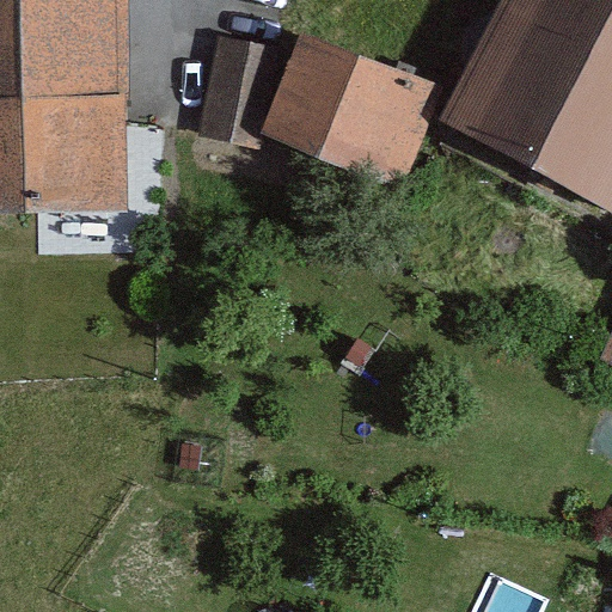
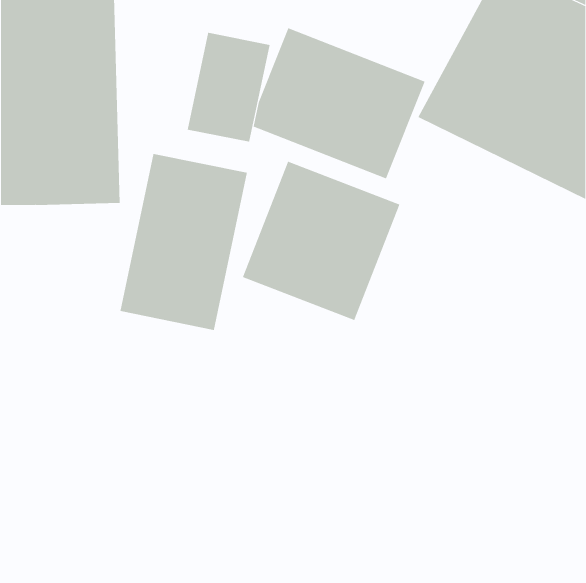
building: none -> [120,153,248,331]
building: none -> [242,161,400,321]

